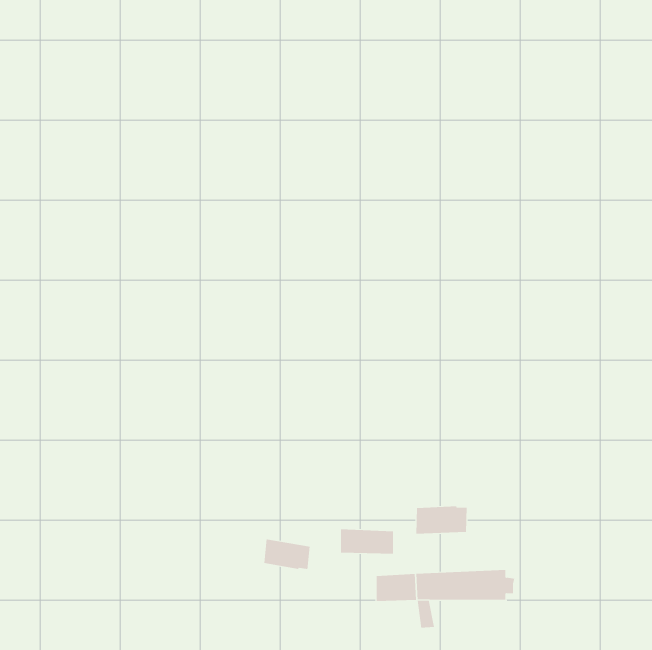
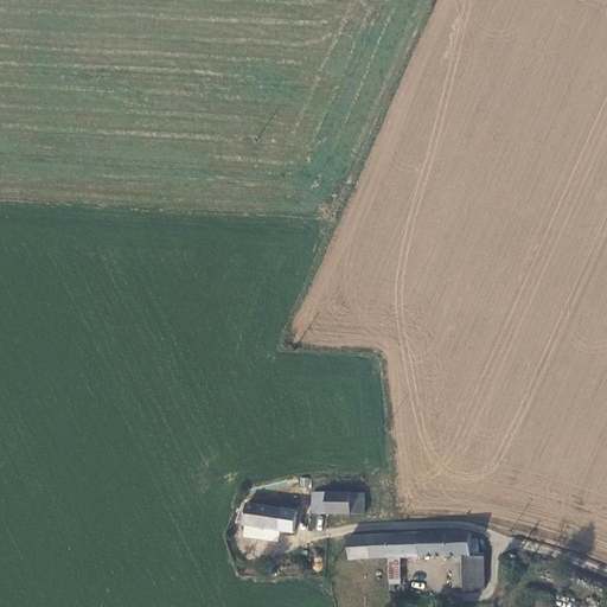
building: [416,506,467,534] -> none
building: none -> [454,551,483,588]

